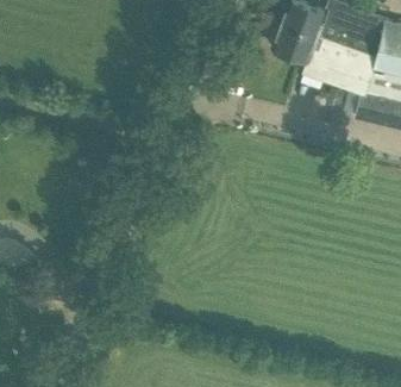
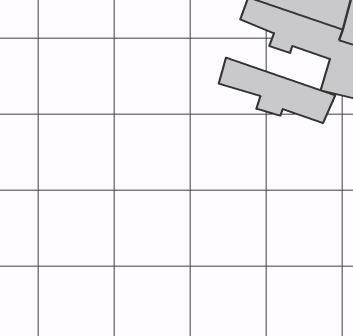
building: none -> [219,58,335,123]

